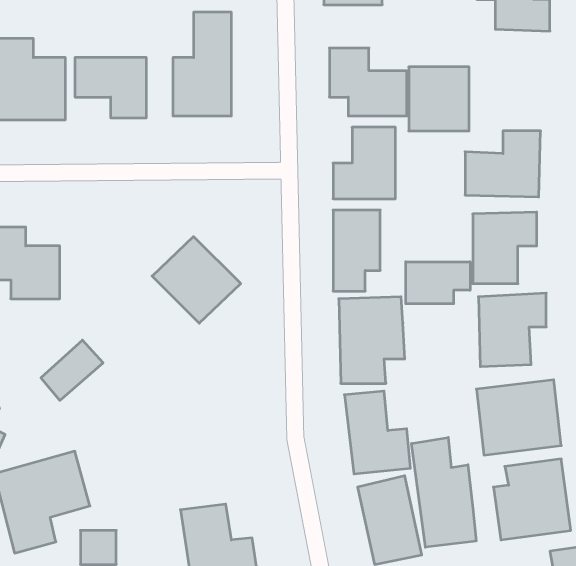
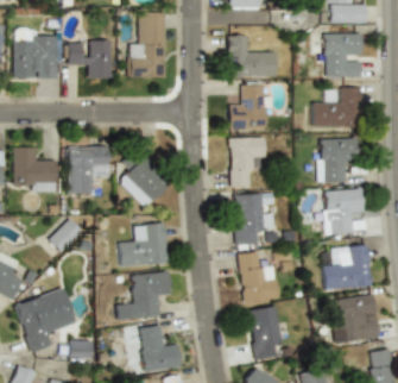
building: [409,67,469,131] -> [324,33,362,74]
building: none -> [69,146,110,195]
building: [406,262,470,304] -> none
building: none -> [119,222,170,269]
building: none -> [118,271,172,321]
building: [412,437,476,547] -> none

